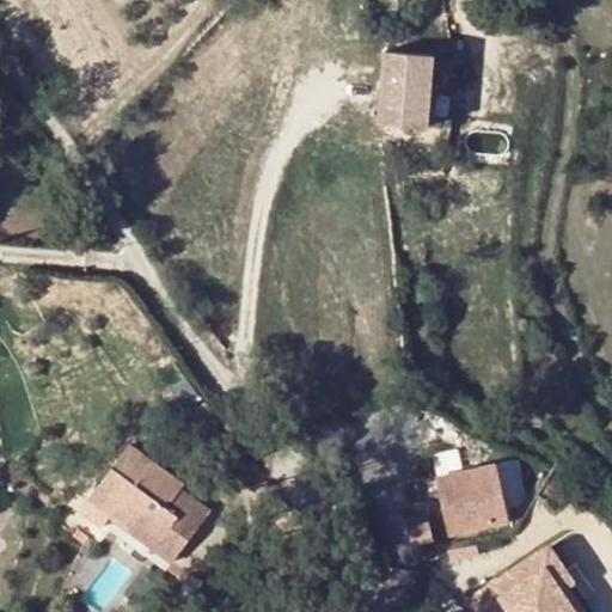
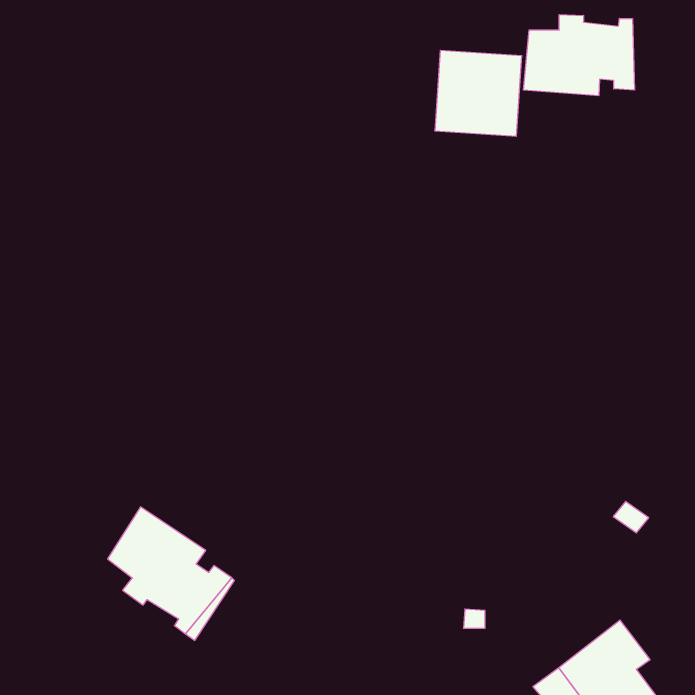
building: none -> [523,15,634,96]
building: [439,472,510,541] -> none

